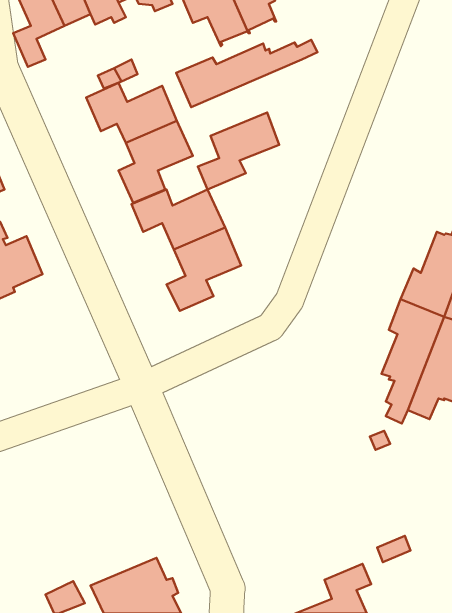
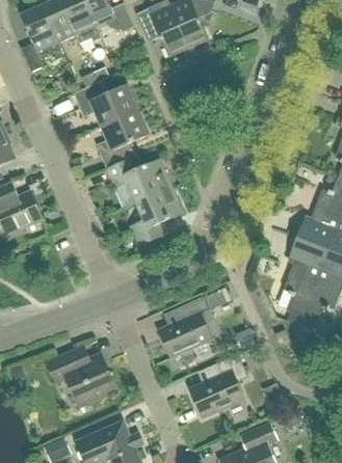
building: [176,40,318,107] -> none
building: [198,112,279,190] -> none
building: none -> [160,288,227,356]
building: none -> [48,345,116,405]
building: none -> [190,353,248,416]

